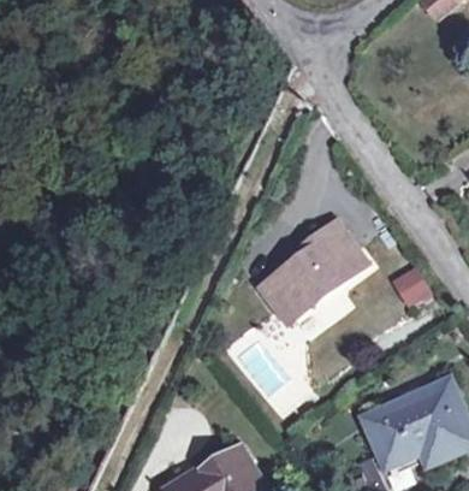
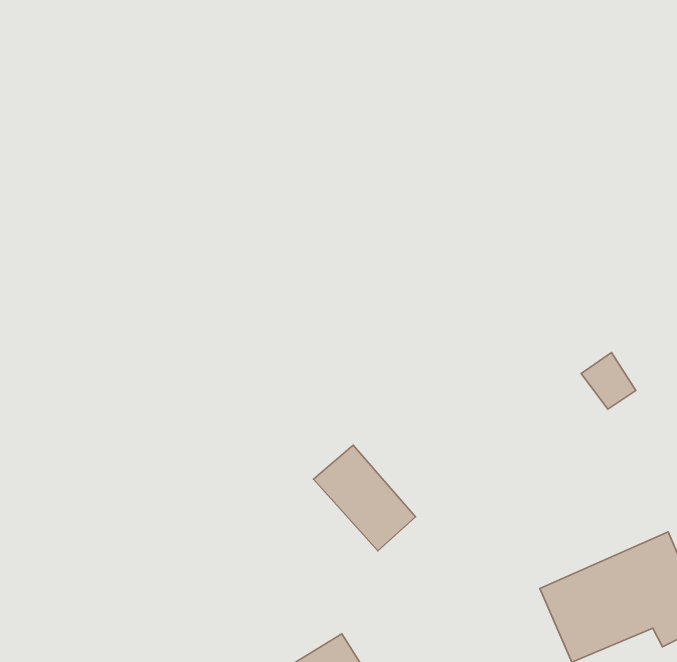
building: [266,225,360,318] -> none

